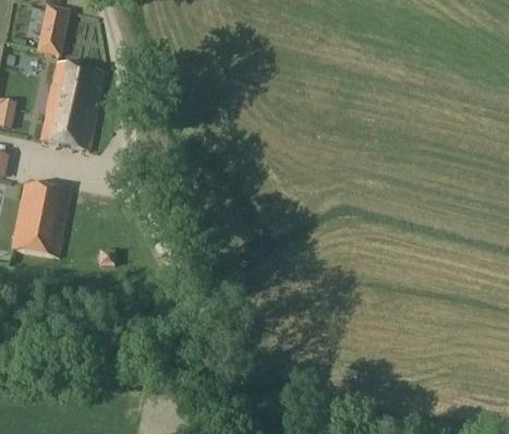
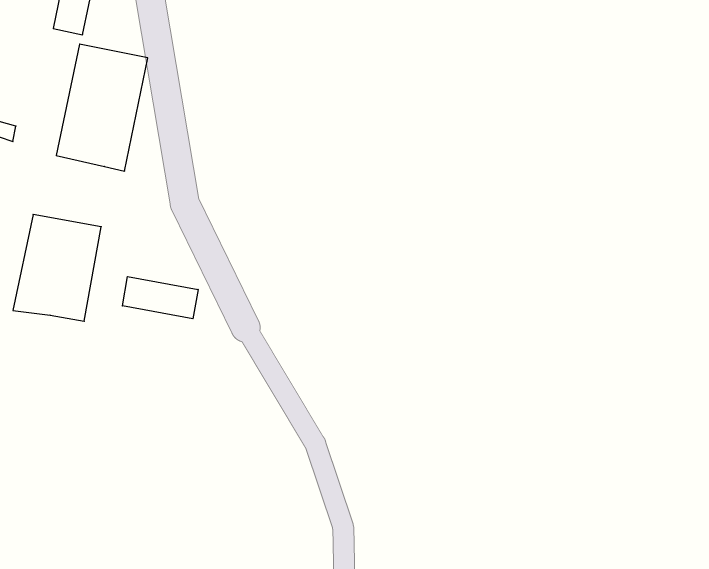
building: none -> [122,277,198,319]

